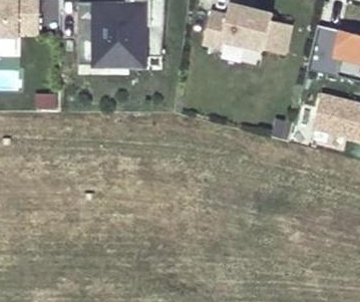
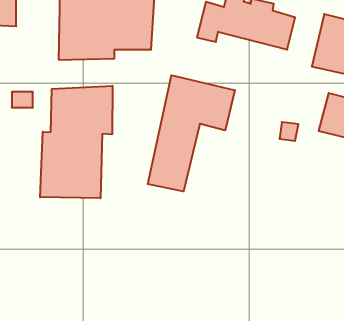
building: none -> [148,75,235,191]
building: none -> [40,86,112,198]

